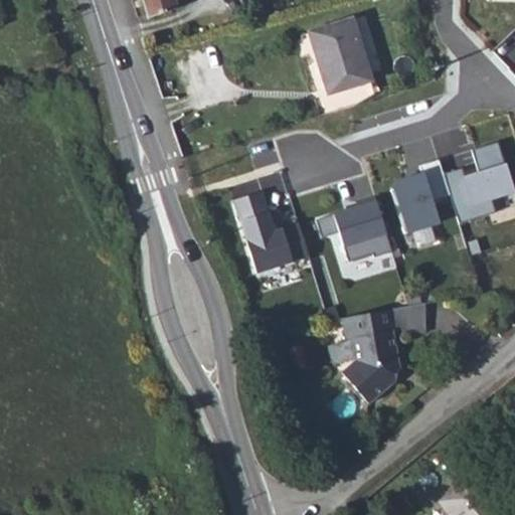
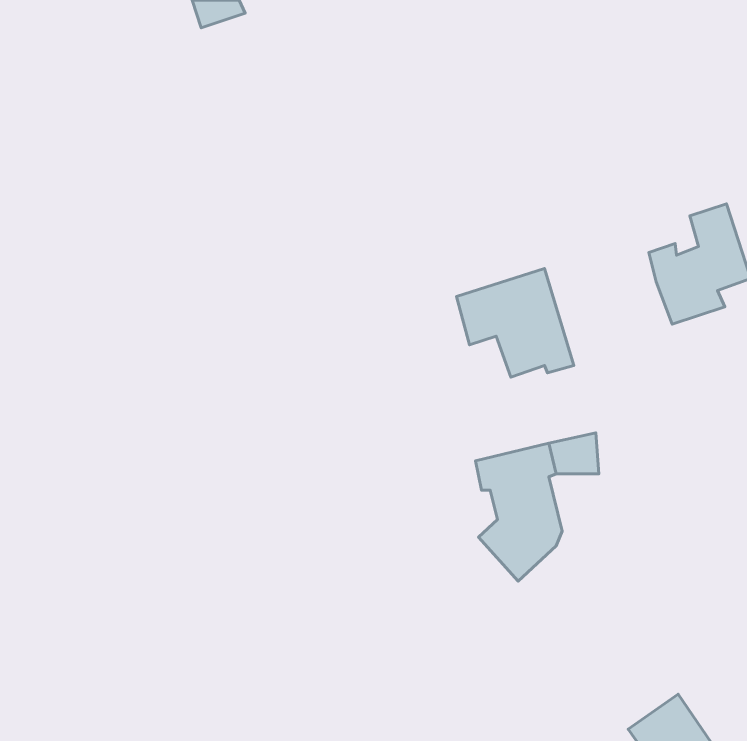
building: [312,16,367,87] -> none
building: [393,165,452,238] -> none
building: [238,194,312,279] -> none

